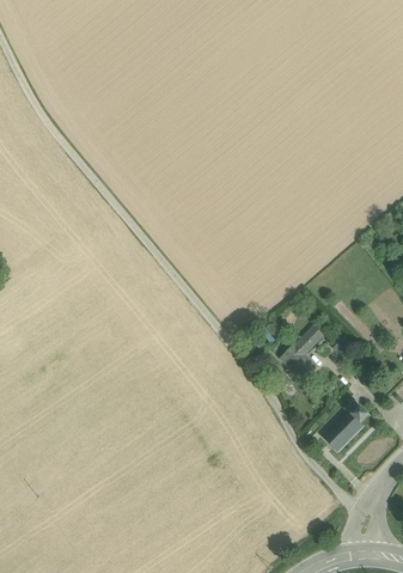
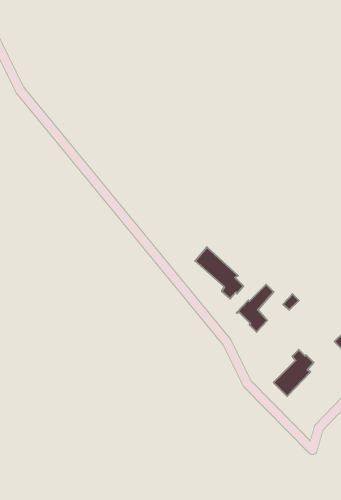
building: none -> [195,247,243,299]

